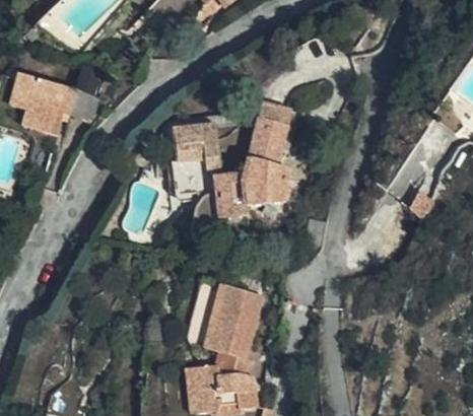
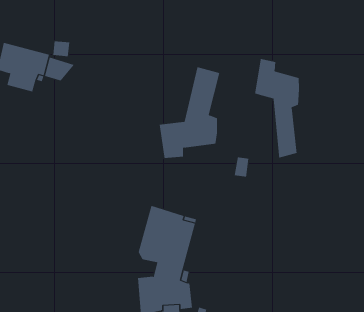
building: none -> [254,58,300,159]
building: [171,125,220,200] -> none

